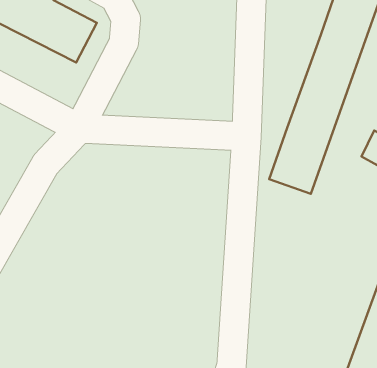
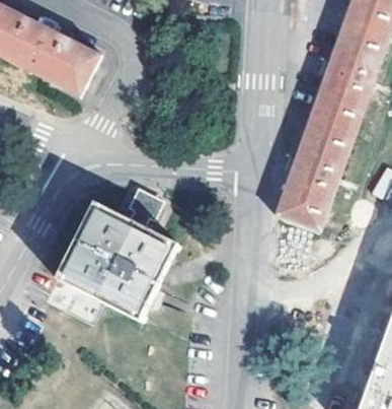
building: none -> [56,188,176,320]

